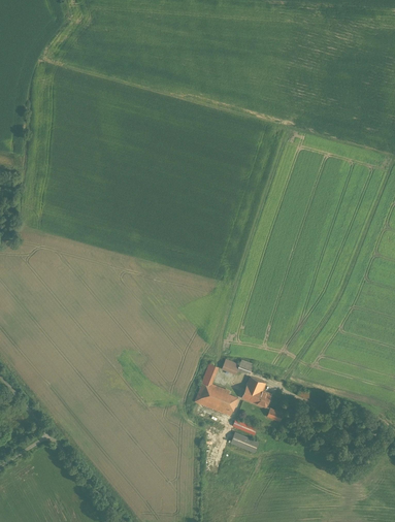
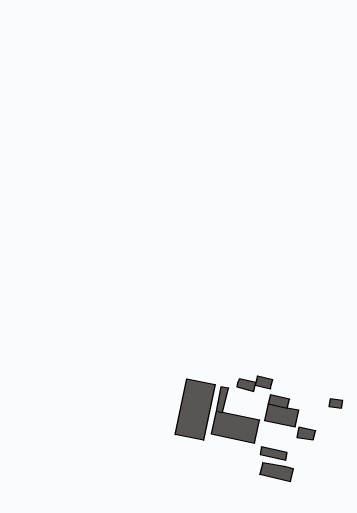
building: none -> [175,379,215,440]

